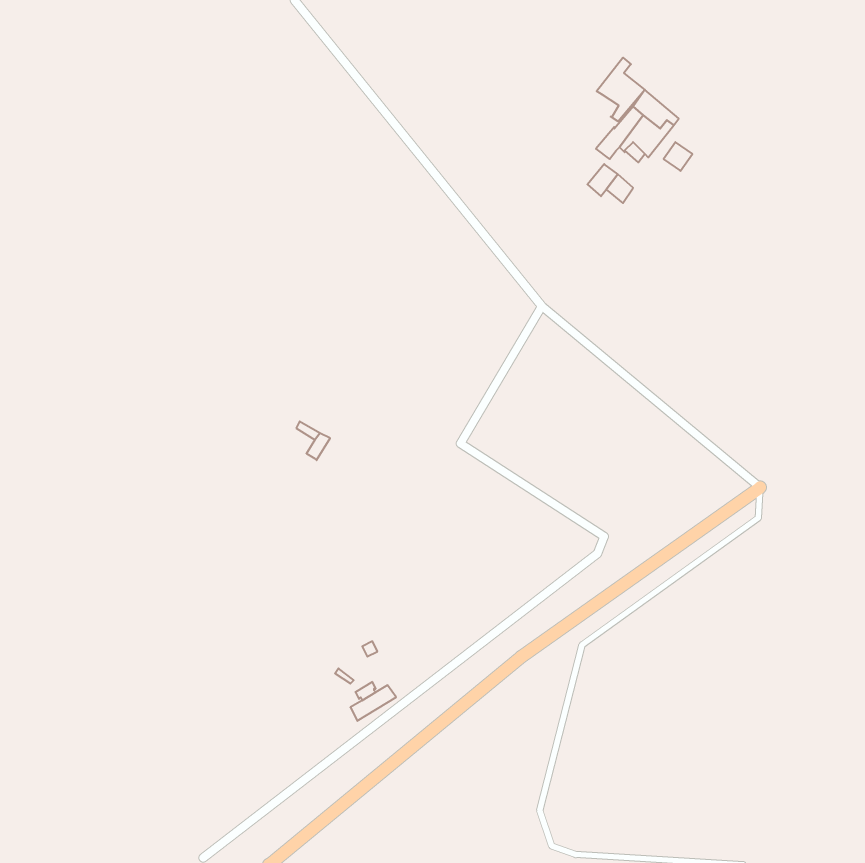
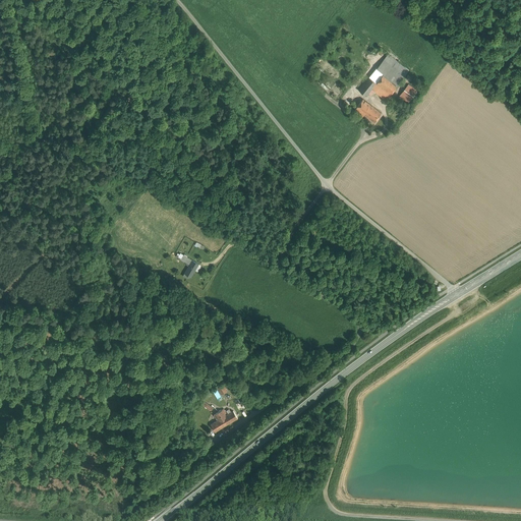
building: [597,58,645,121] -> none

